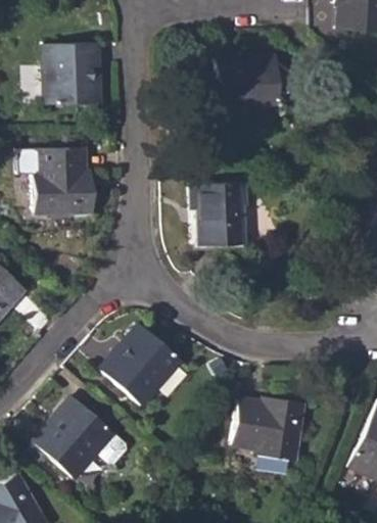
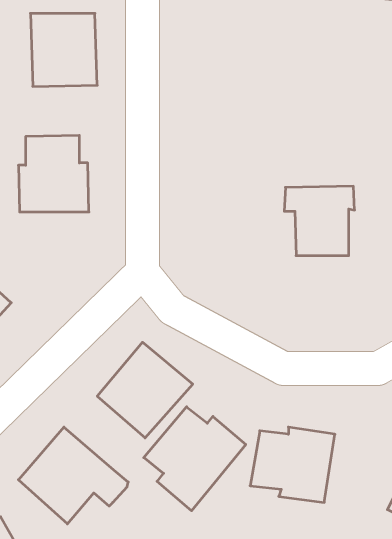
building: [217,56,278,111] -> none
building: [189,186,249,245] -> [284,186,355,256]
building: none -> [144,407,246,511]

